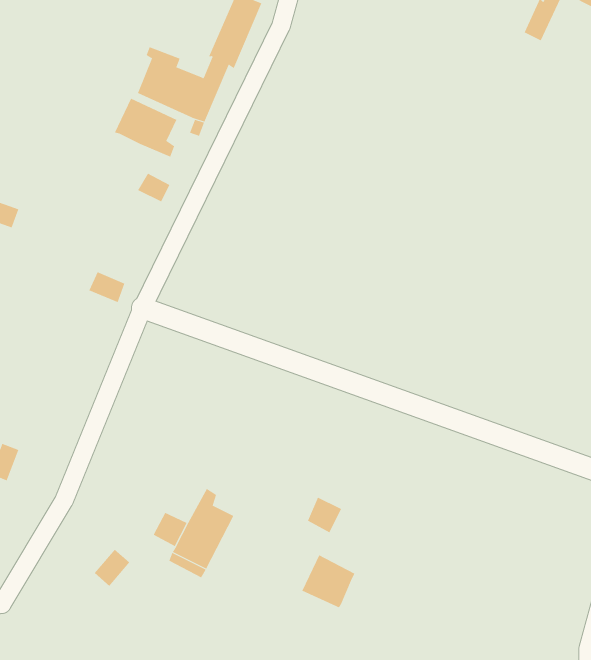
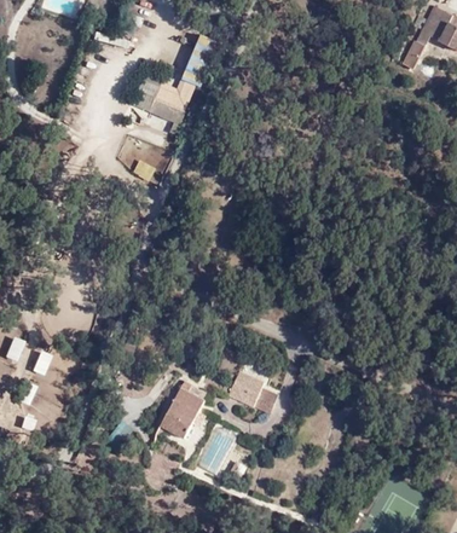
building: [114,98,177,158] -> none
building: [301,555,355,608] -> [224,369,261,406]

